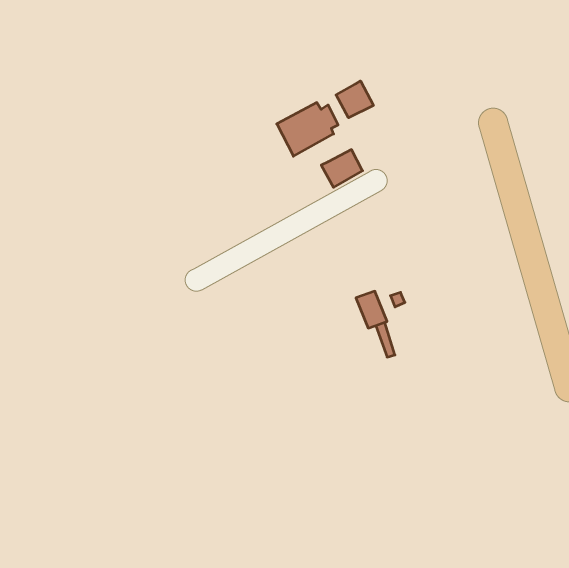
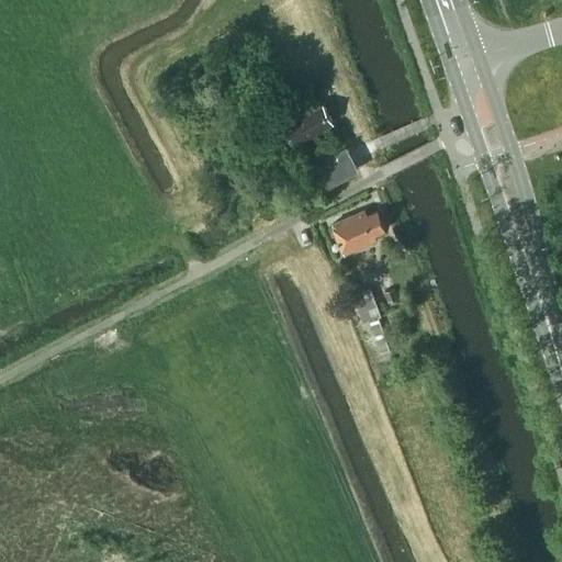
building: [336,81,373,118] -> none
building: none -> [333,212,385,255]

